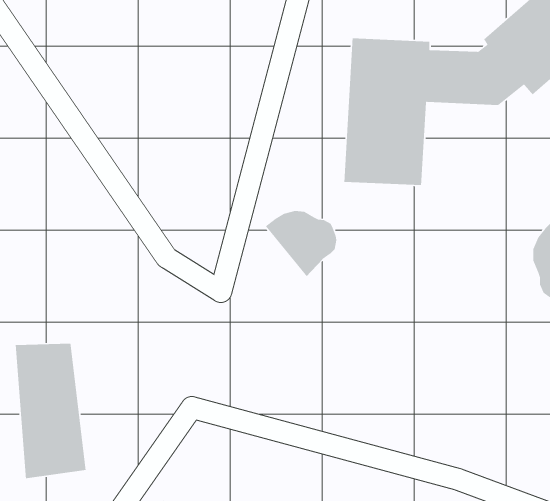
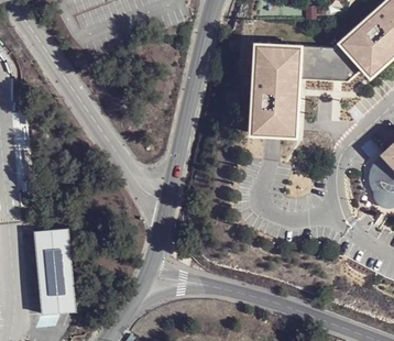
building: [265,210,337,277] -> none

